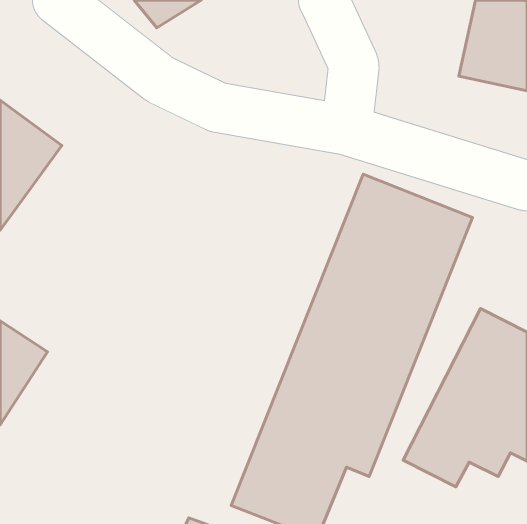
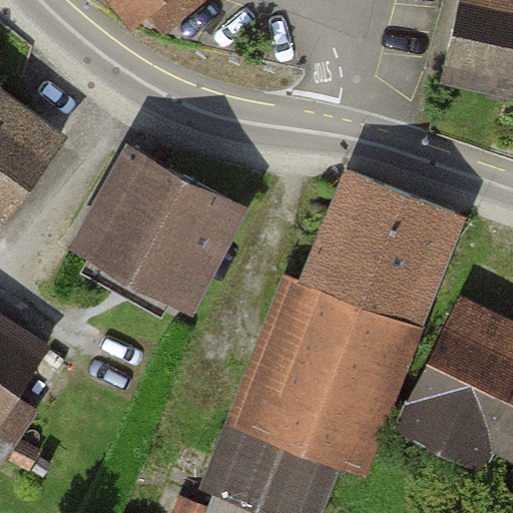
building: none -> [80,148,242,308]

